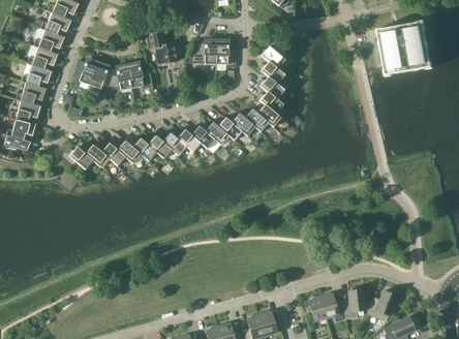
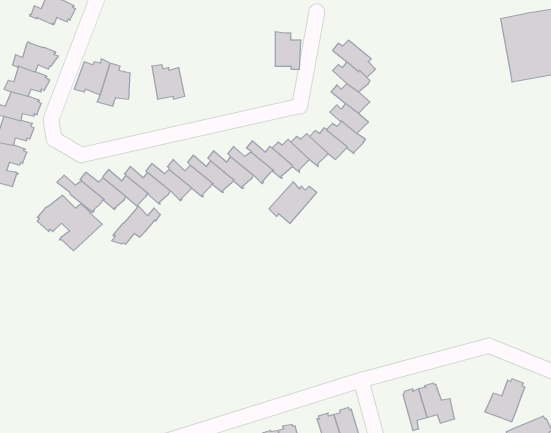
building: [33,28,66,52] -> none
building: [148,32,176,64] -> none
building: [189,40,216,65] -> none
building: [111,65,131,91] -> none
building: none -> [269,182,317,224]
building: none -> [37,195,102,251]
building: none -> [112,207,160,244]
building: [342,288,364,319] -> none

